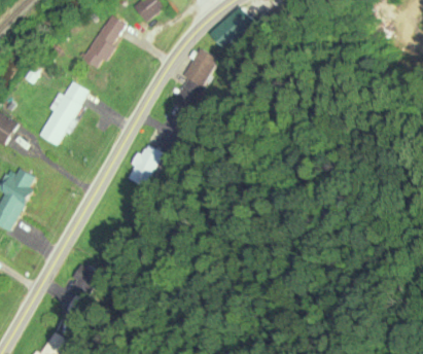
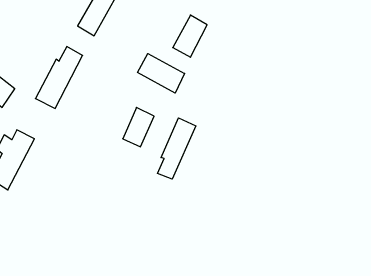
building: none -> [138,54,185,93]
building: none -> [158,118,196,179]

